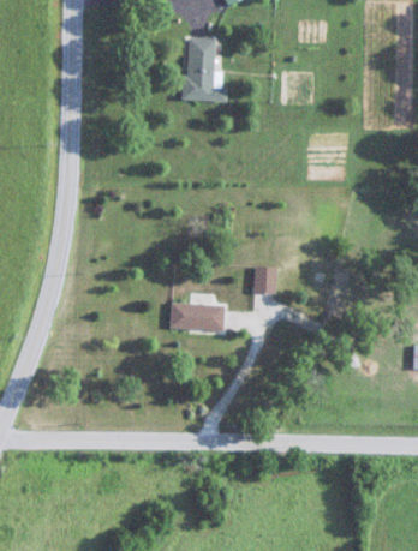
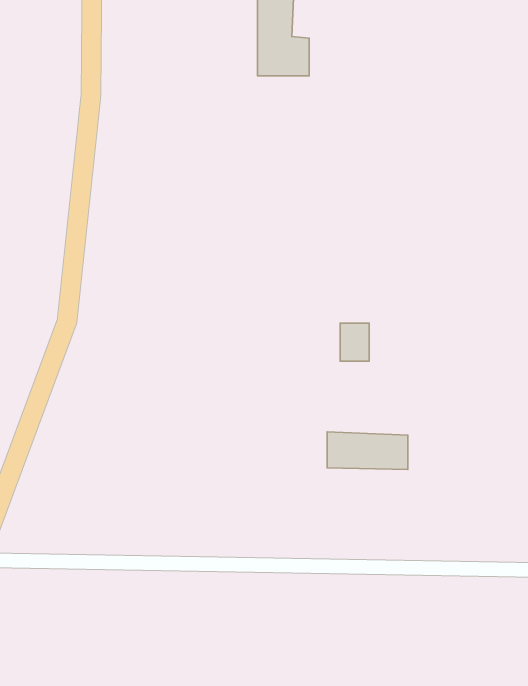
building: [168,304,225,330] -> [327,432,408,470]

